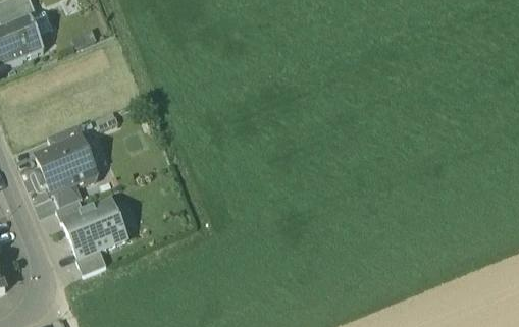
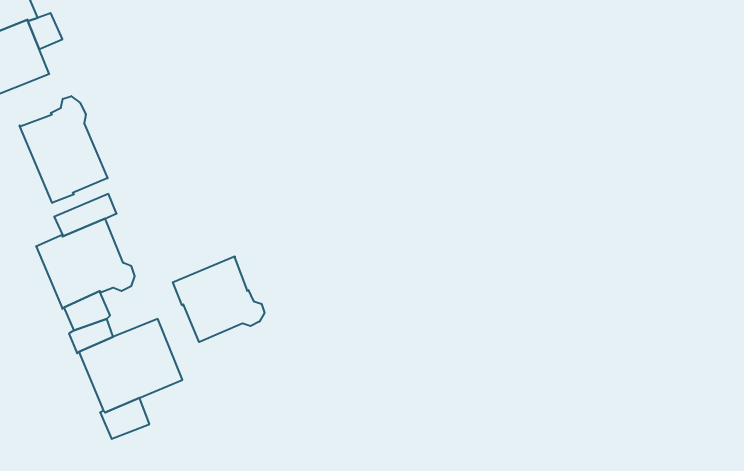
building: none -> [20,96,108,203]
building: none -> [173,256,264,342]

